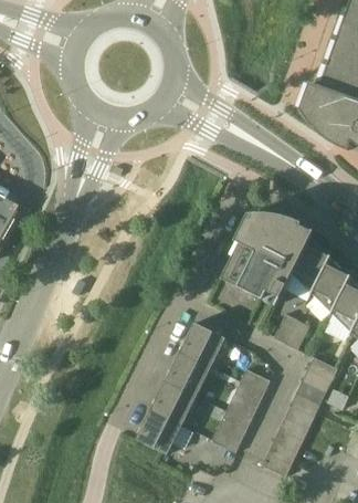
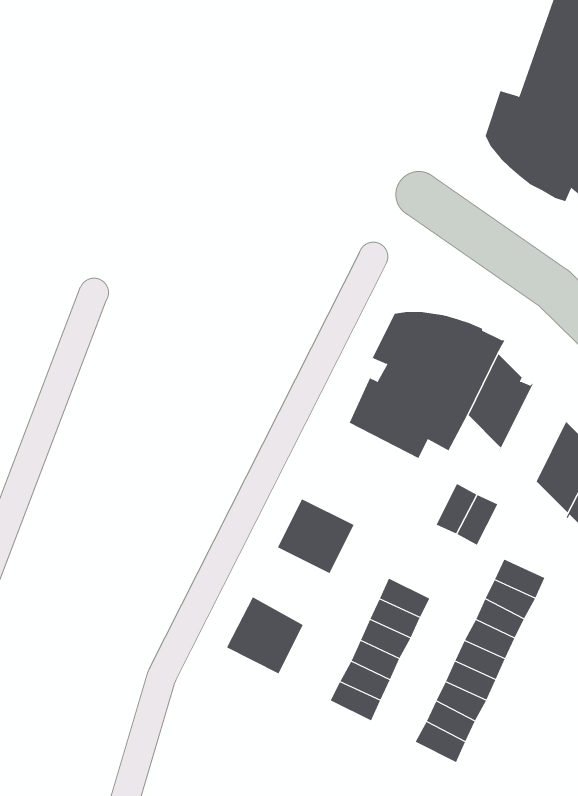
building: [310,256,350,314] -> none
building: [166,350,211,396] -> none
building: [136,409,181,453] -> none

